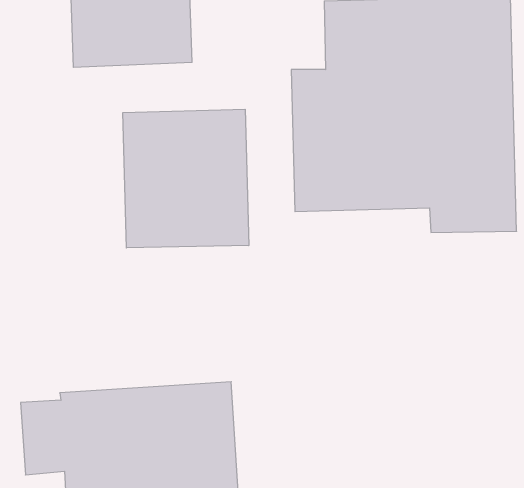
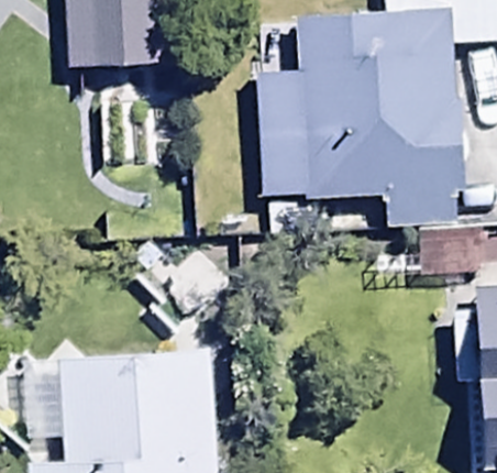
building: [123,109,249,248] -> none

